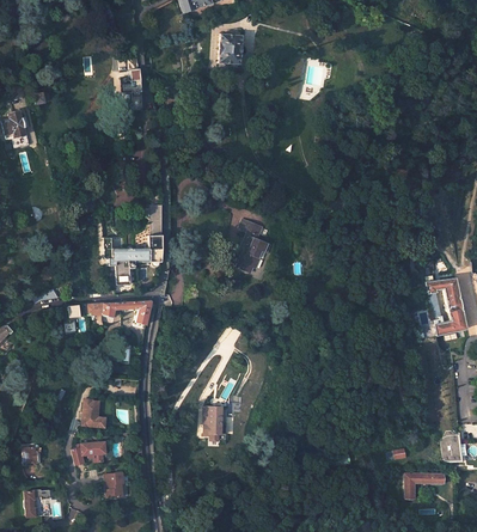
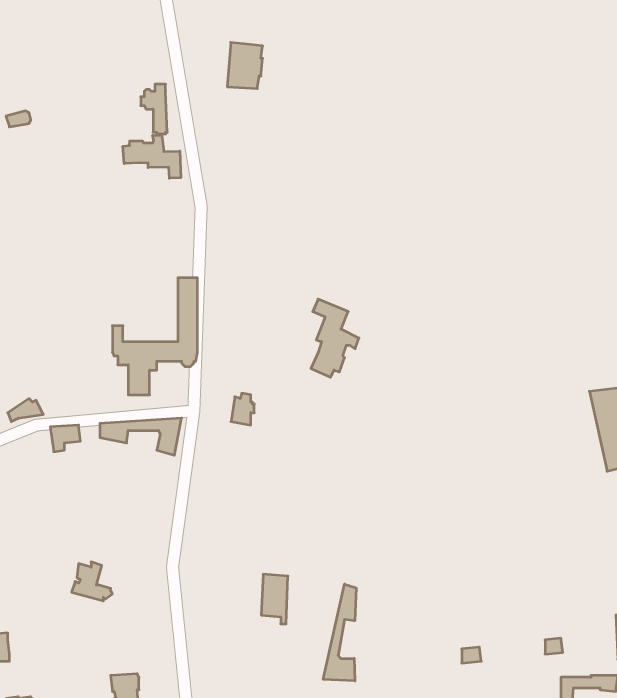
building: [219,33,243,65] -> [227,42,263,89]
building: none -> [123,135,181,178]
building: none -> [323,584,356,681]
building: [71,441,105,464] -> none

